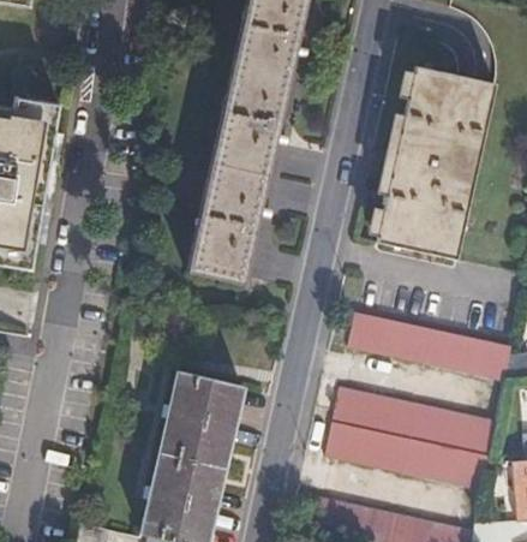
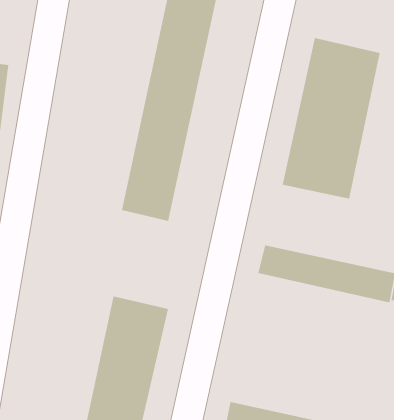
building: [324,388,496,492] -> none

